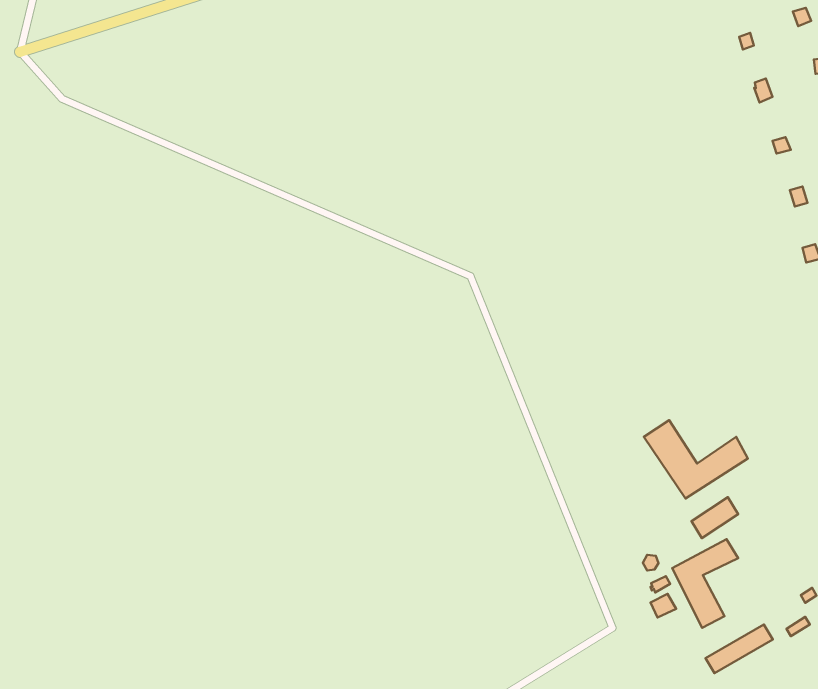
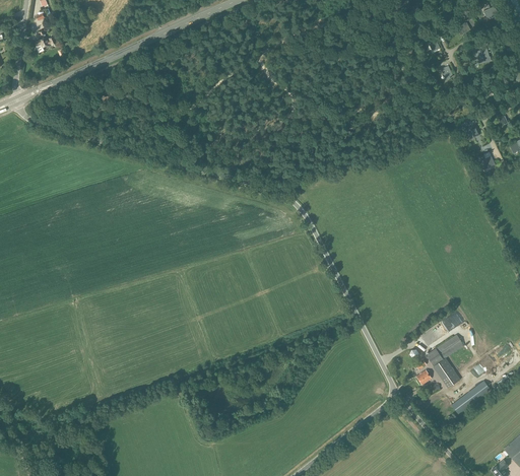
building: [644,420,748,499] -> none

